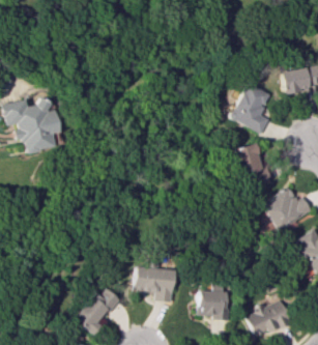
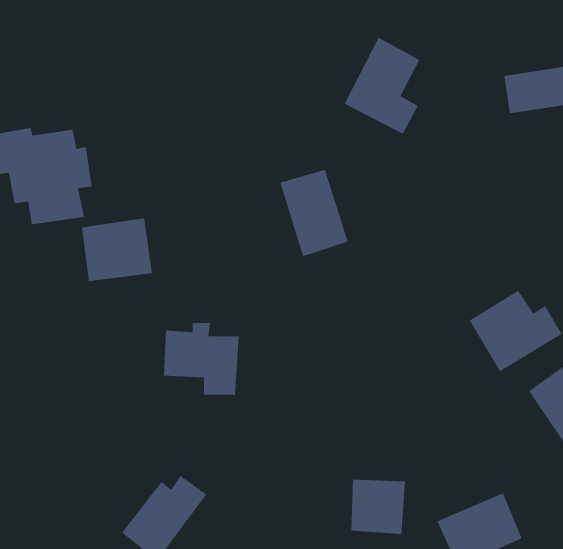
building: [230,82,271,135] -> [344,37,420,134]
building: [233,142,270,190] -> [280,169,348,257]
building: none -> [81,217,152,282]
building: [135,262,176,301] -> [163,322,240,395]

